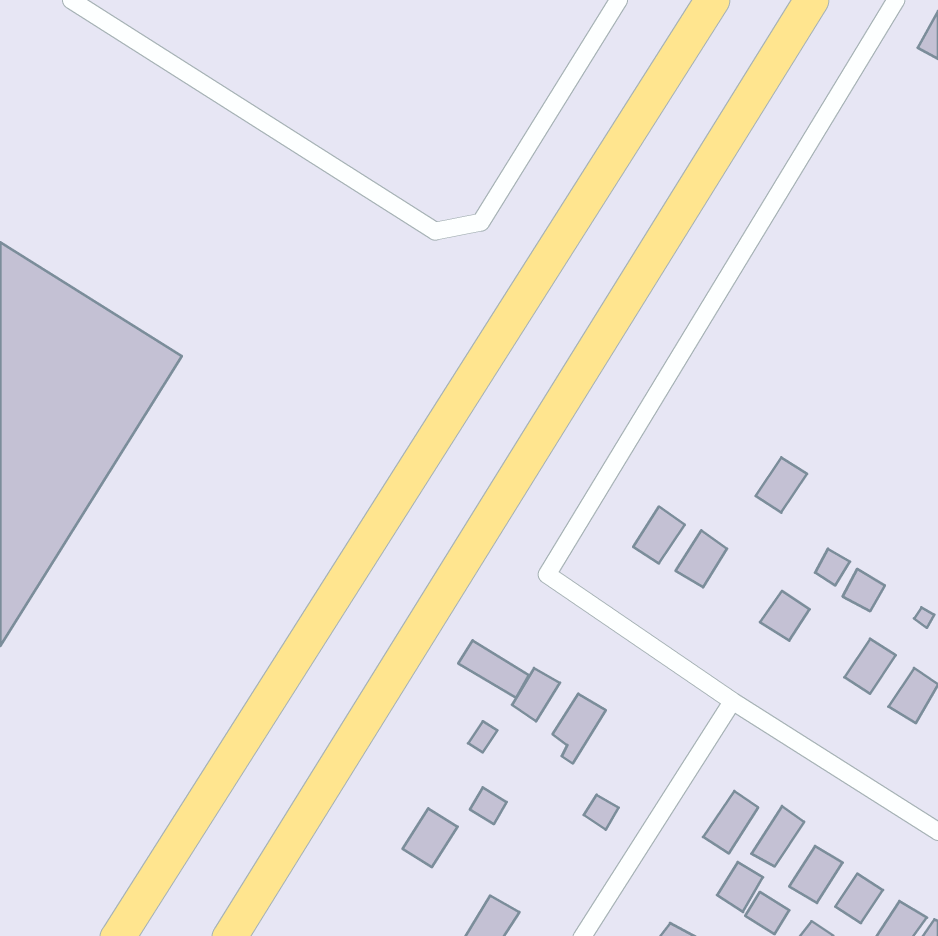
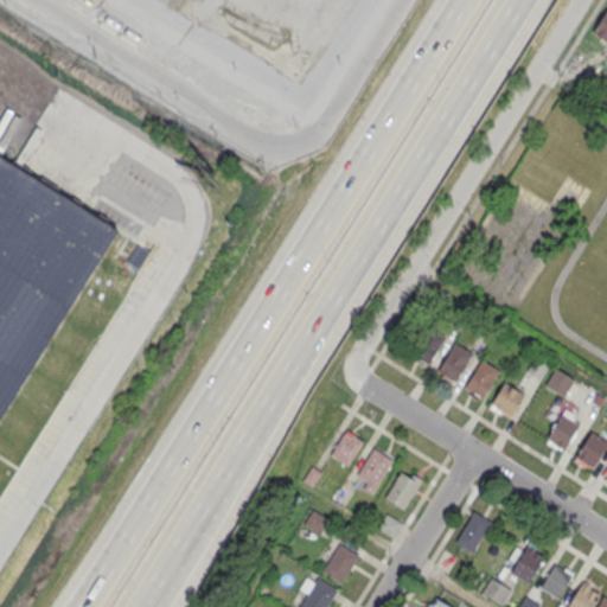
building: [756,457,807,513] -> [465,360,498,396]
building: [458,640,529,698] -> none
building: none -> [384,469,420,510]
building: [751,806,804,866] -> none
building: [403,808,458,867] -> [322,545,358,583]
building: [717,862,763,912] -> none

